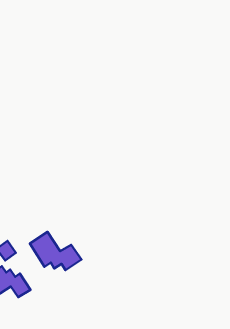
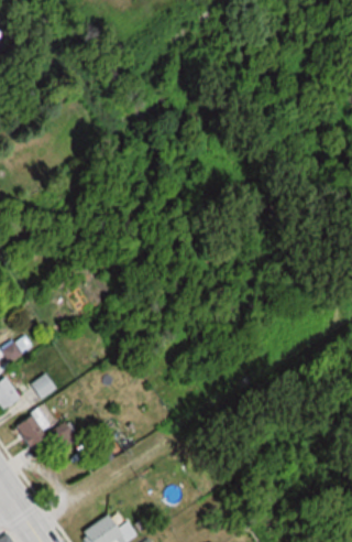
building: [30,232,81,270] -> none

